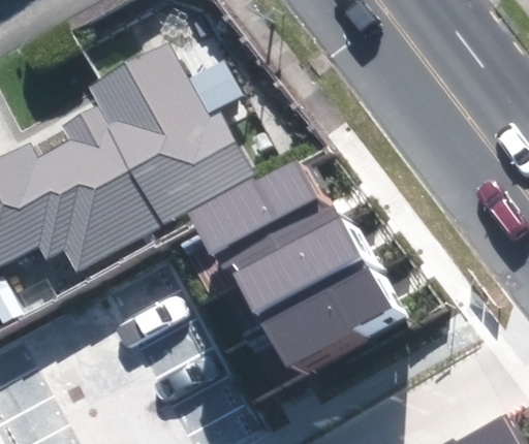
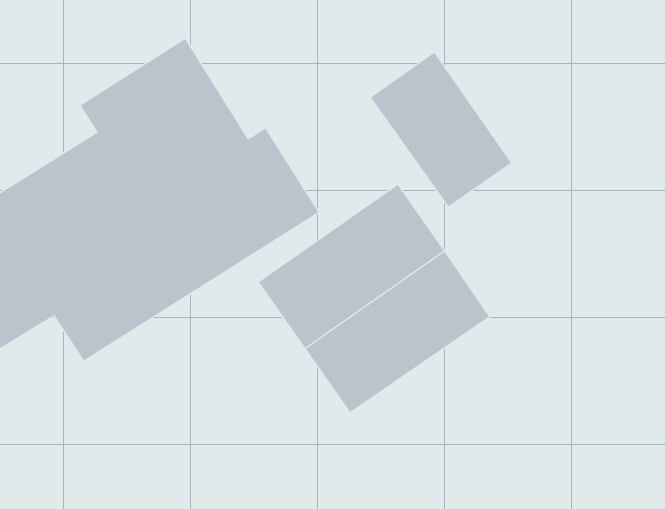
building: none -> [370,52,512,207]
building: [263,265,402,380] -> none

